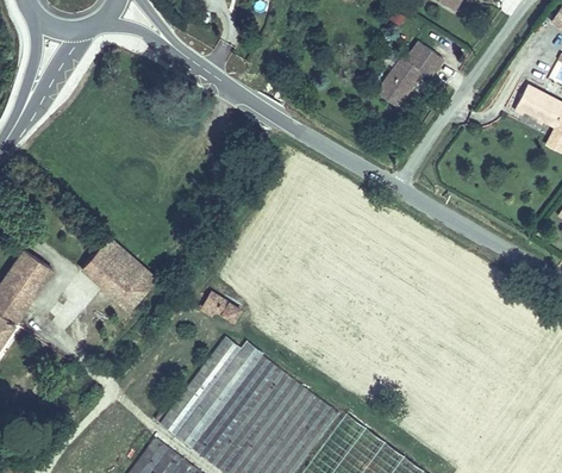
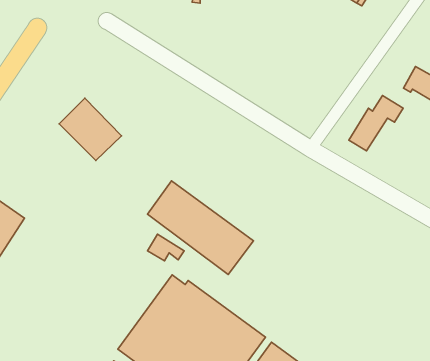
building: [381,45,447,112] -> [349,95,403,151]
building: none -> [148,181,253,274]
building: [80,231,155,306] -> [59,98,122,161]

